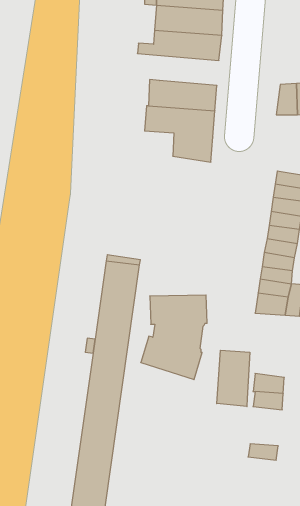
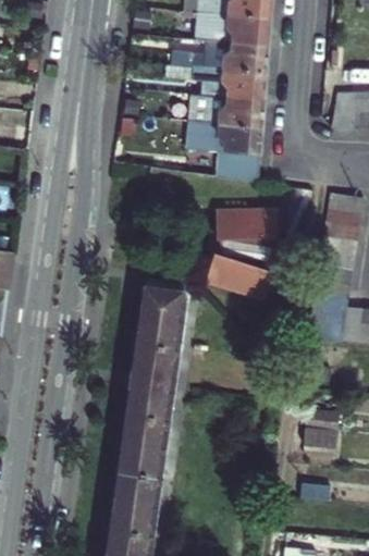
building: none -> [177,65,267,100]
building: [141,295,207,380] -> [205,209,276,300]
building: [217,350,250,407] -> none

